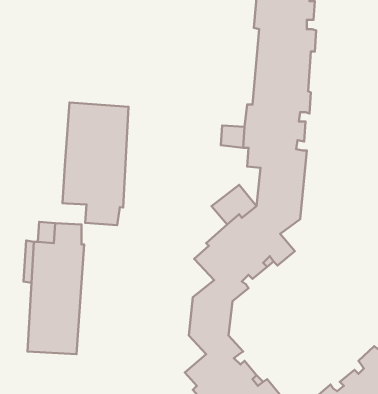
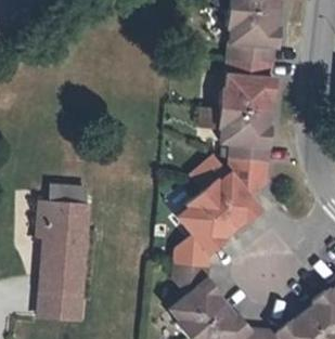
building: [62,102,129,225] -> none
building: none -> [40,292,82,318]

